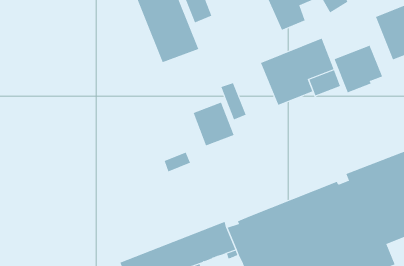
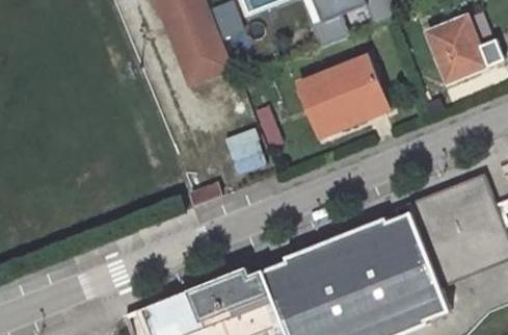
building: [334,45,383,93] -> none

